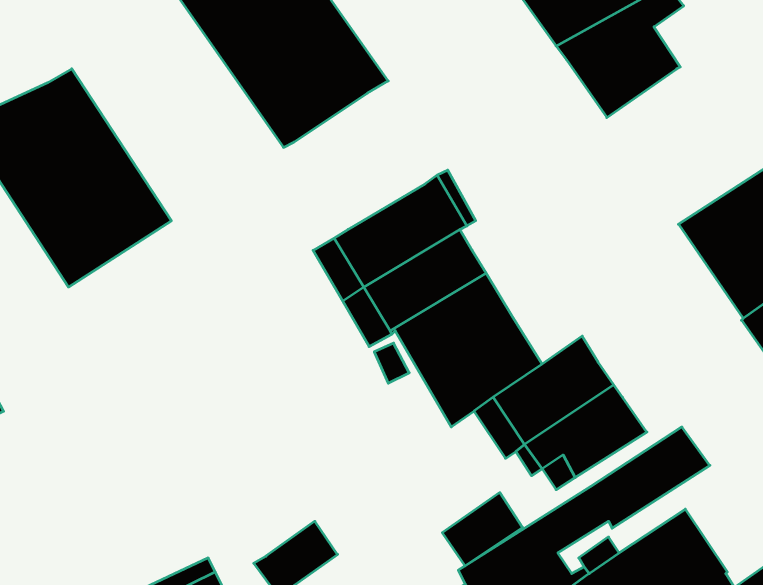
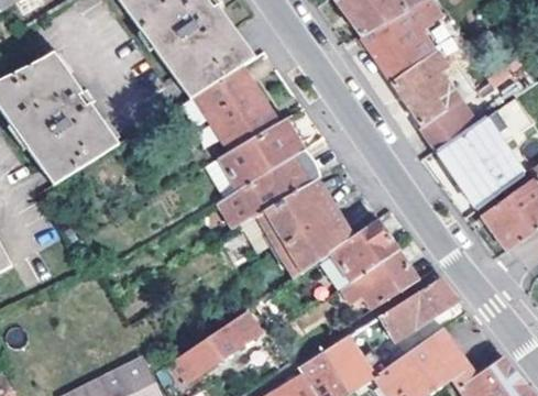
building: none -> [393,51,475,148]
building: none -> [196,66,278,152]
building: [442,493,523,566] -> [209,310,260,356]

